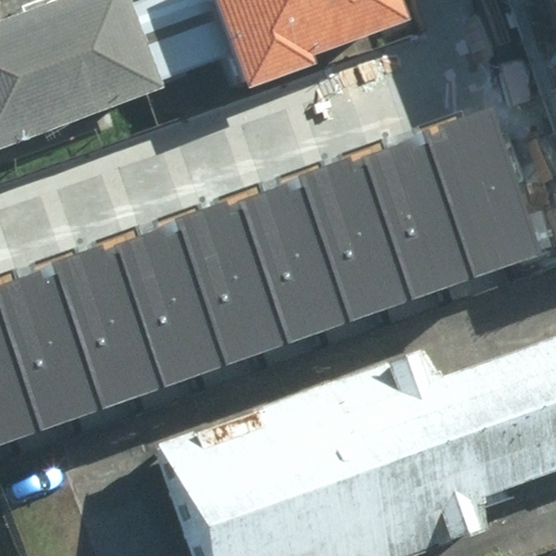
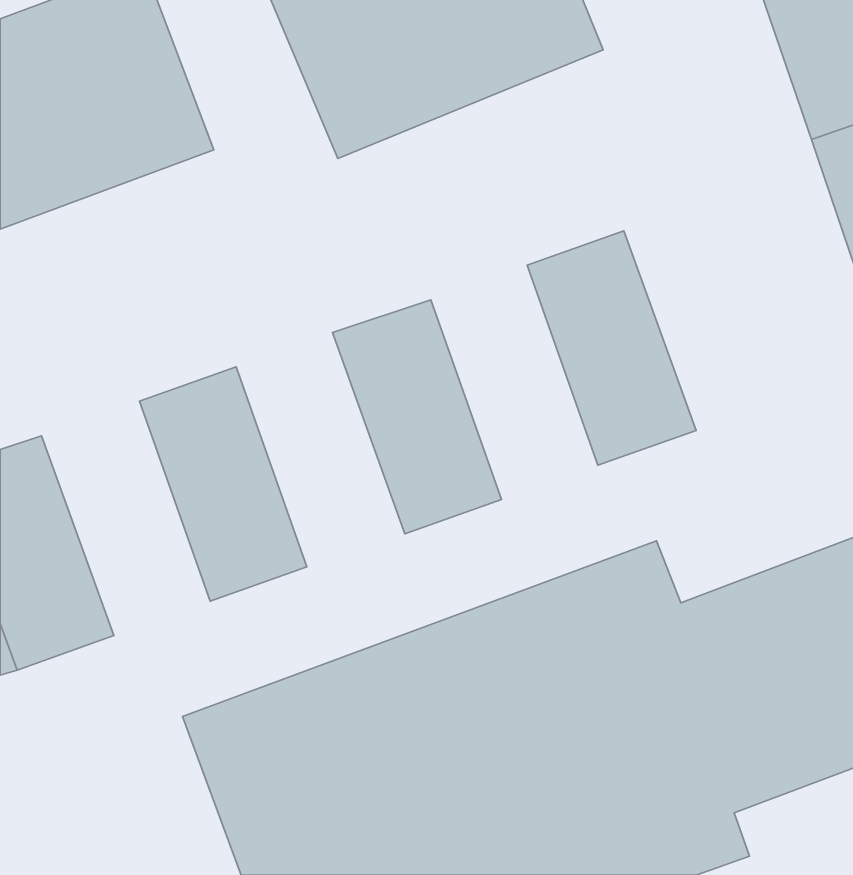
building: [410,124,517,271] -> none
building: [289,167,394,315] -> none
building: [166,210,273,357] -> none
building: [43,253,150,401] -> none

